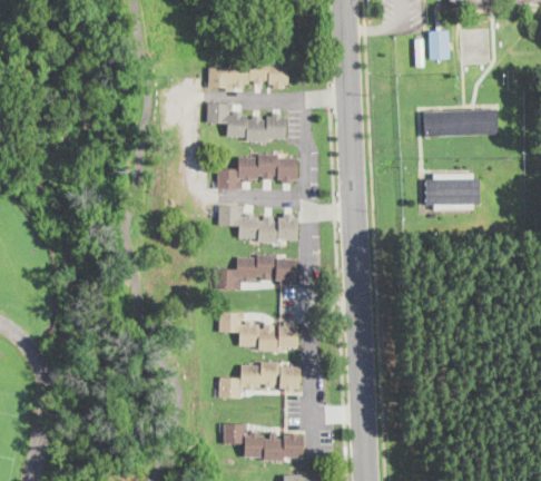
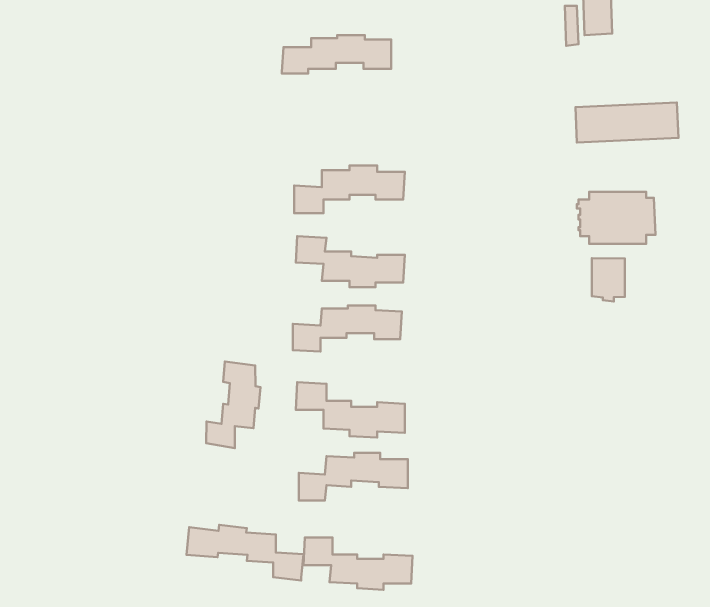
building: [208,104,285,143] -> none
building: none -> [592,258,625,301]
building: none -> [206,362,260,448]
building: none -> [187,525,304,581]

